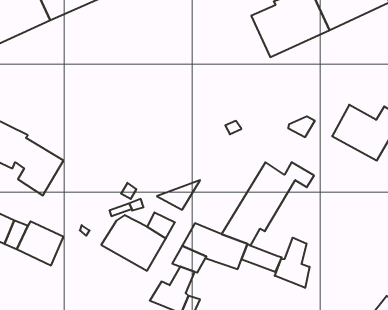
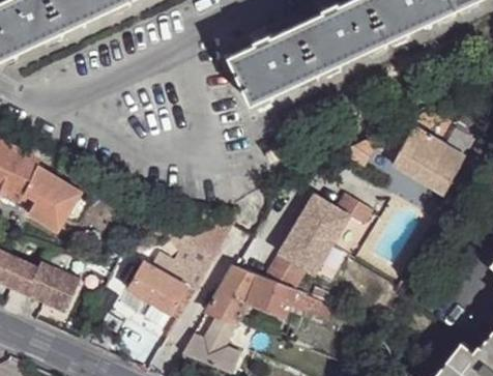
building: none -> [230,25,321,105]
building: [275,238,310,288] -> none

